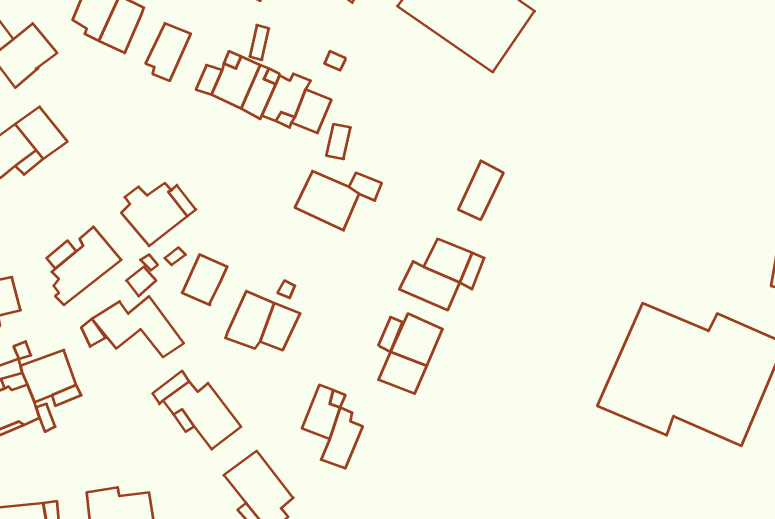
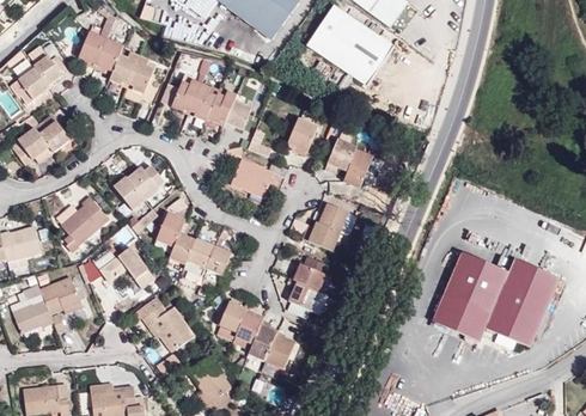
building: none -> [111,49,141,86]
building: none -> [283,116,318,153]
building: none -> [325,140,360,184]
building: none -> [167,234,197,269]
building: none -> [213,299,248,335]
building: none -> [265,334,295,371]

